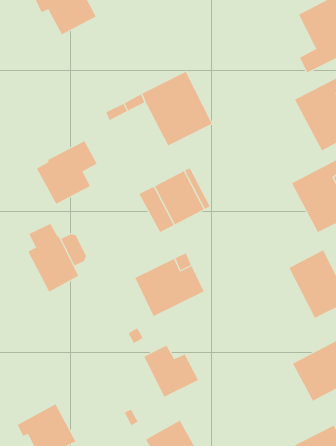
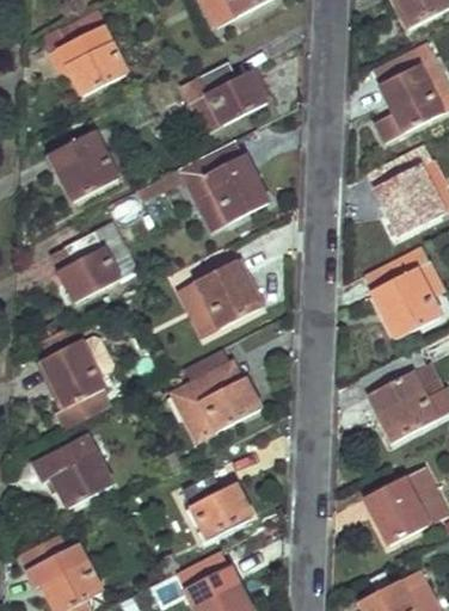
building: none -> [182,62,265,132]
building: none -> [49,131,117,200]
building: none -> [35,436,112,507]

